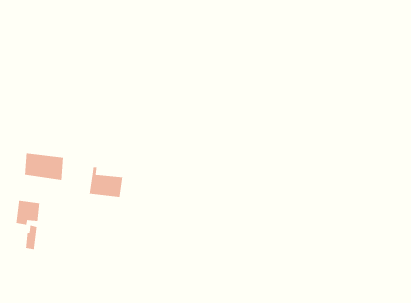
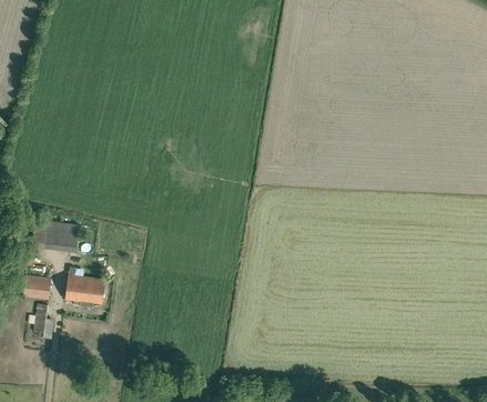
building: [89,166,123,198] -> [65,268,105,304]

